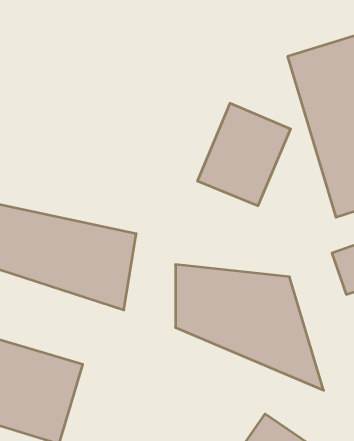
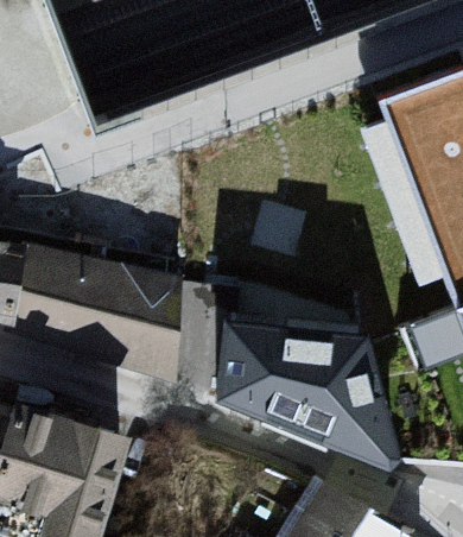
building: [198,103,291,206] -> none

